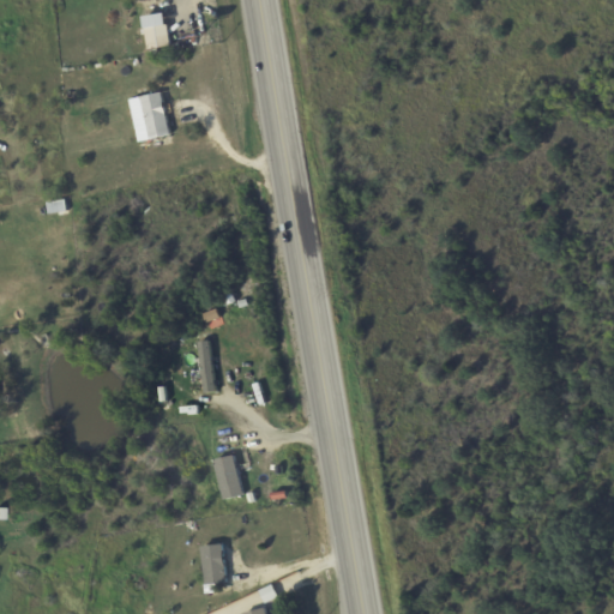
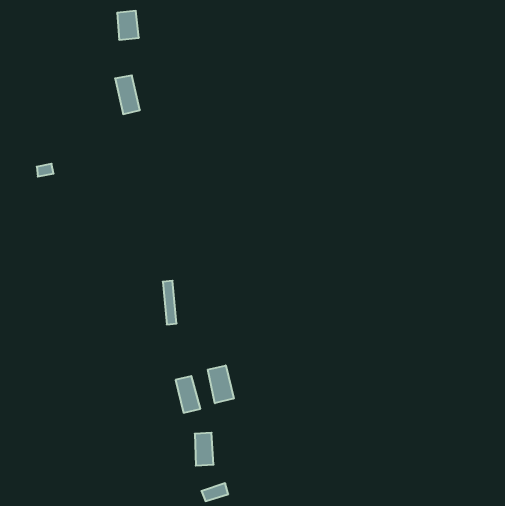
building: none -> [208,365,234,403]
building: [201,543,224,583] -> [195,433,214,466]

